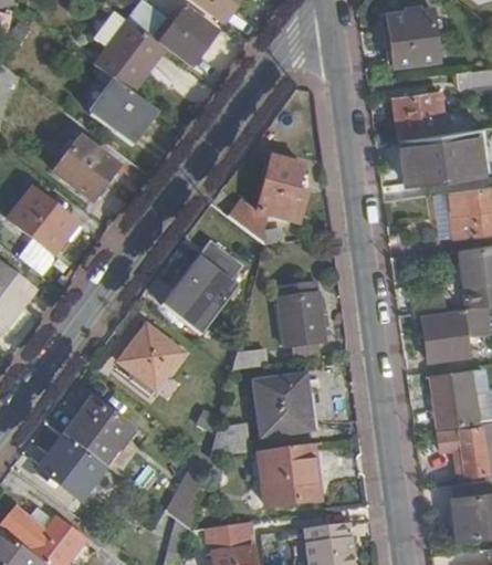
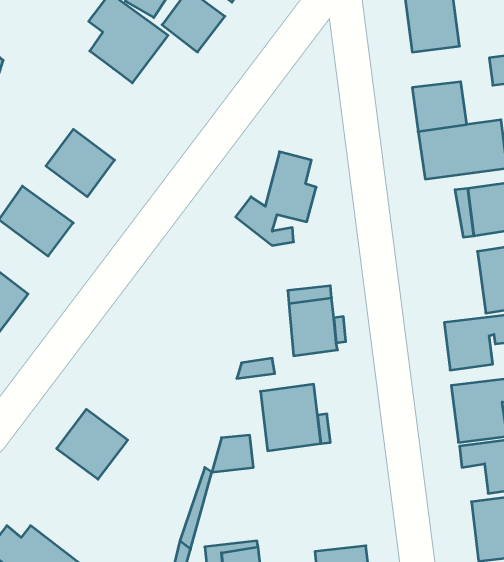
building: [91,81,158,146] -> none
building: [161,241,244,333] -> none
building: [117,324,181,396] -> none
building: [39,435,105,499] -> none
building: [257,443,322,509] -> none

